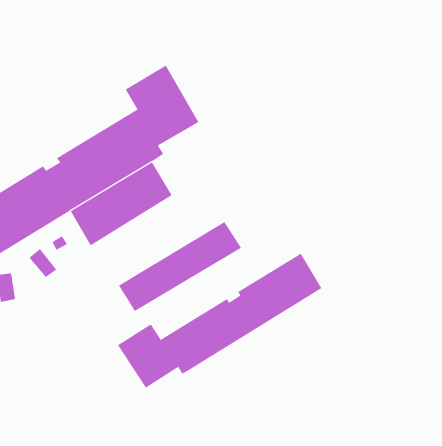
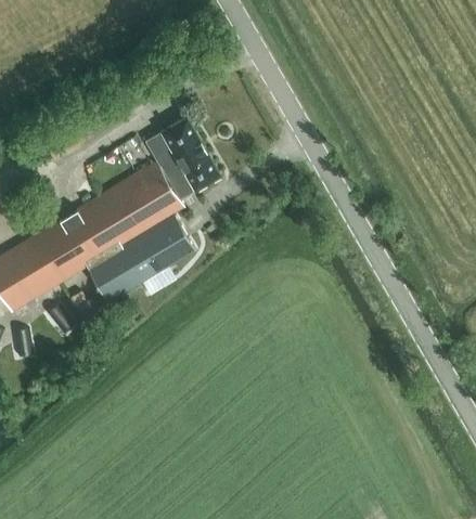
building: [118,221,242,312] -> none
building: [117,253,322,389] -> none

